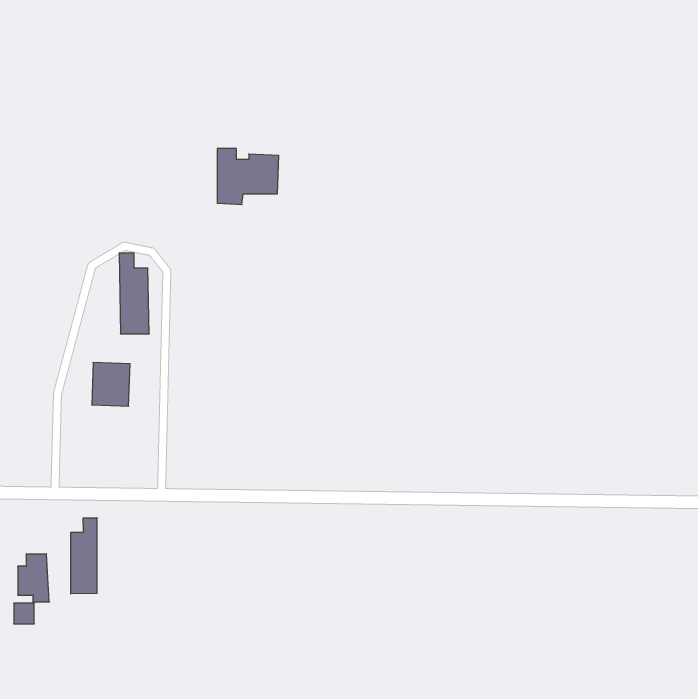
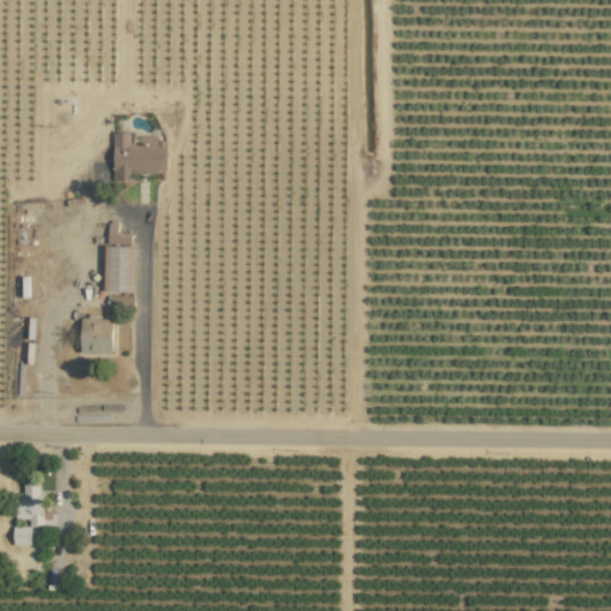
building: [217,149,279,205] -> [113,132,167,181]
building: [71,518,97,594] -> none

